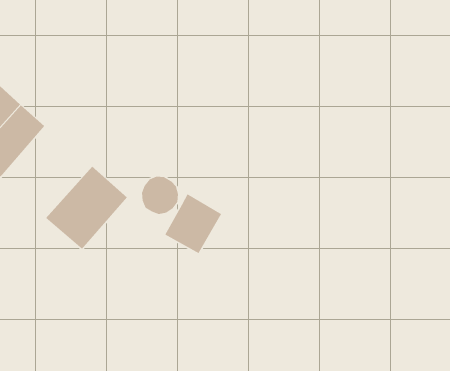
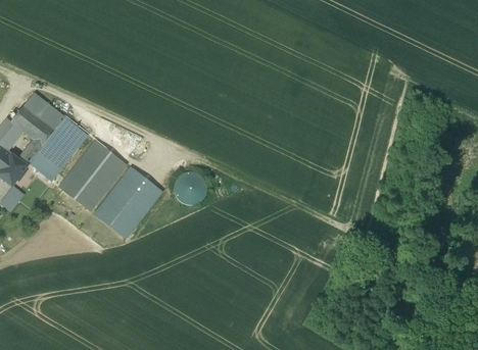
building: none -> [57,140,127,211]
building: [164,193,222,254] -> none

